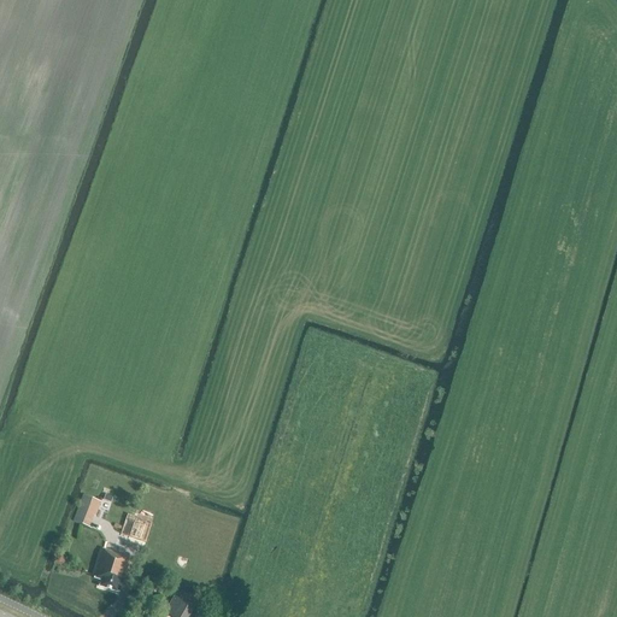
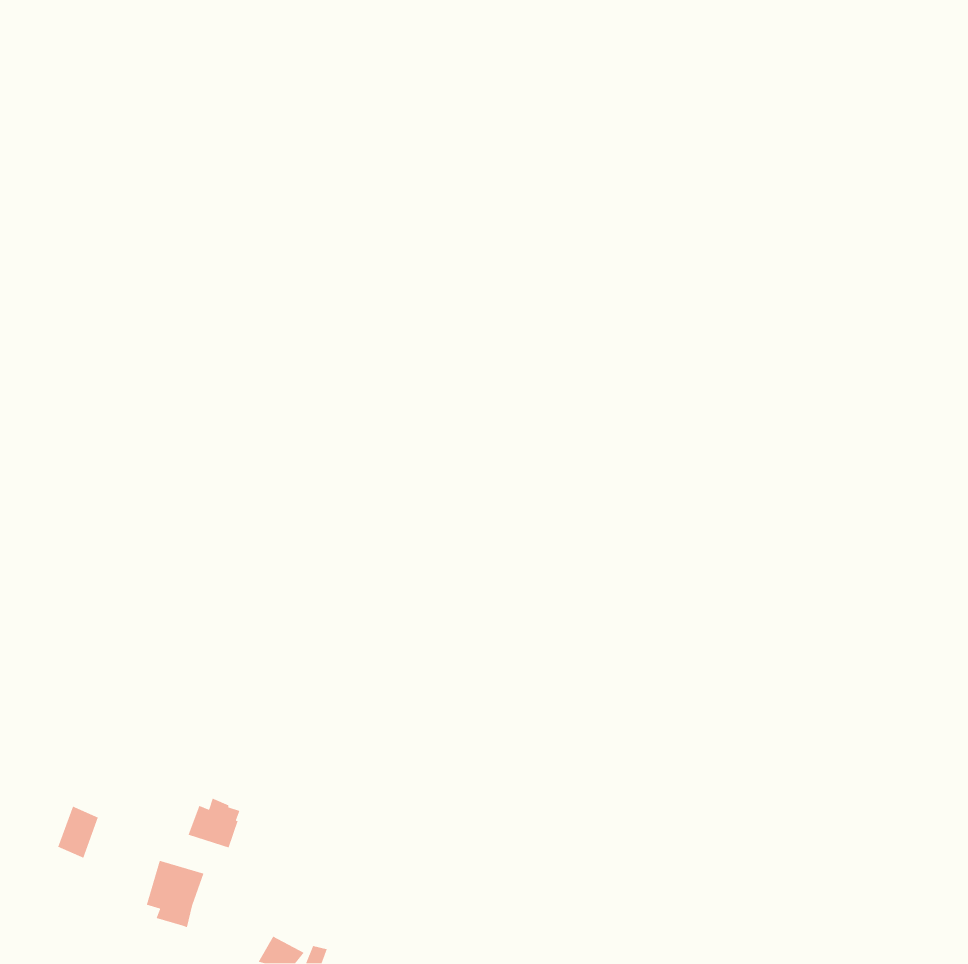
building: [74,493,100,527] -> [57,806,99,859]

